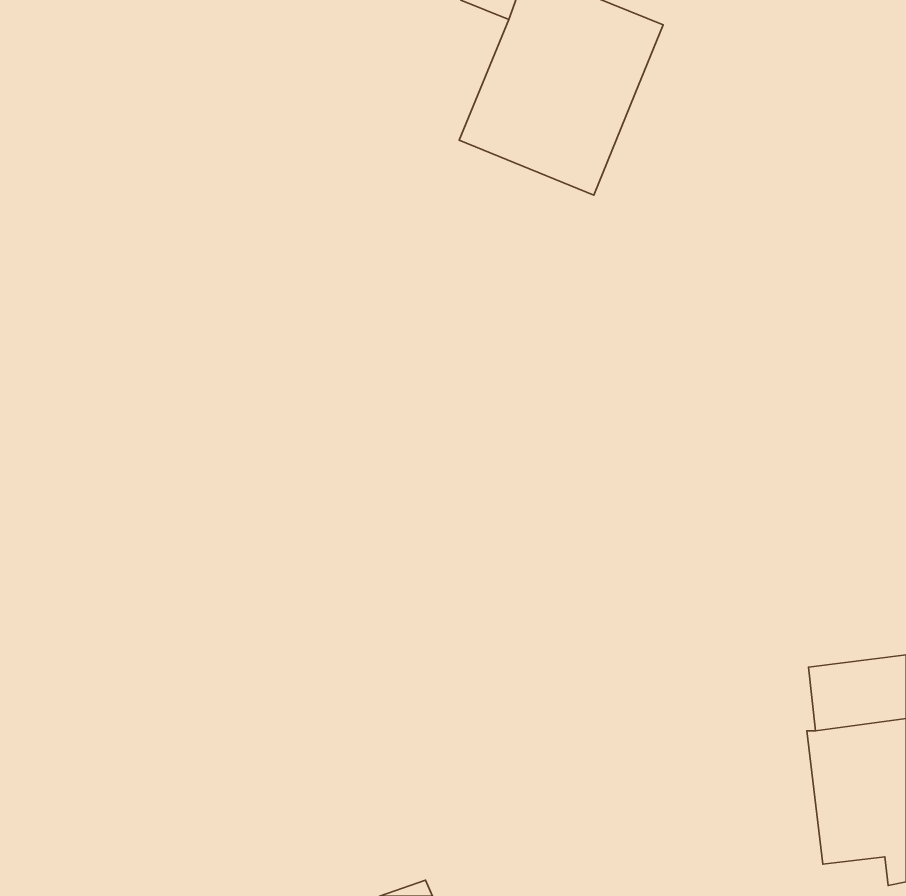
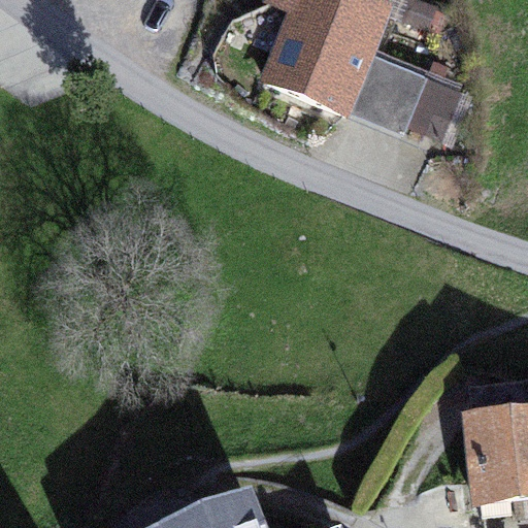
building: none -> [345,55,460,139]

